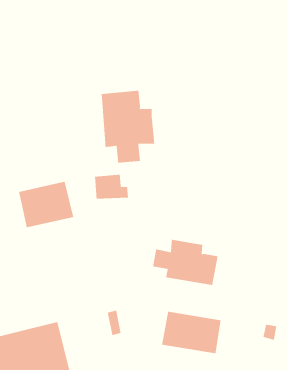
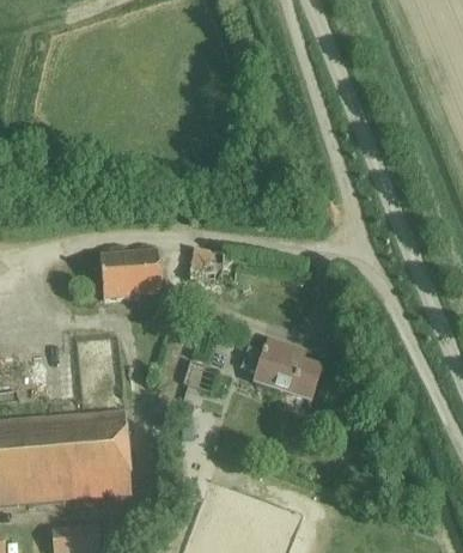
building: [101,90,155,164] -> none
building: [161,311,221,354] -> none

